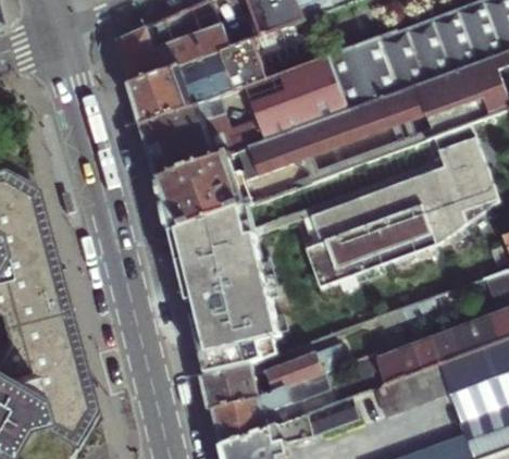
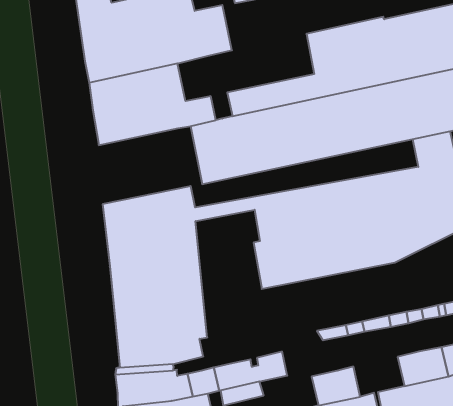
building: [246,54,342,140] -> none
building: [159,154,246,232] -> none
building: [413,331,461,371] -> none

